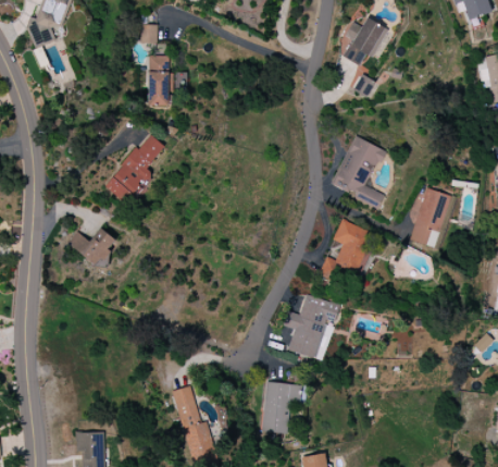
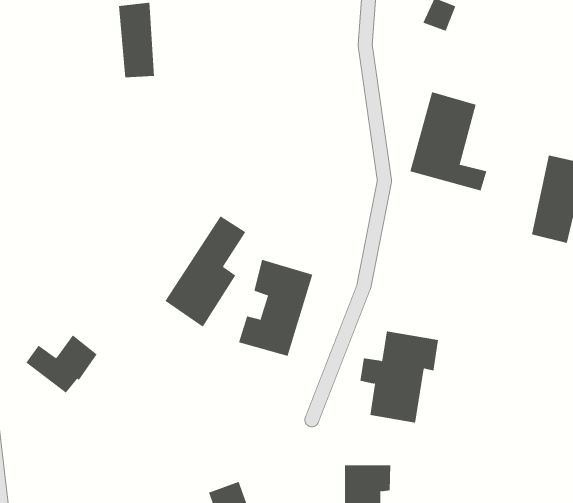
building: [104,133,164,207] -> [165,216,246,327]
building: [319,219,374,286] -> [238,259,313,357]
building: [67,226,116,266] -> [25,335,97,394]

